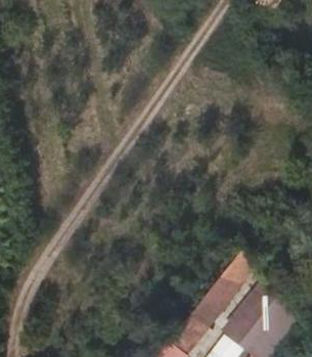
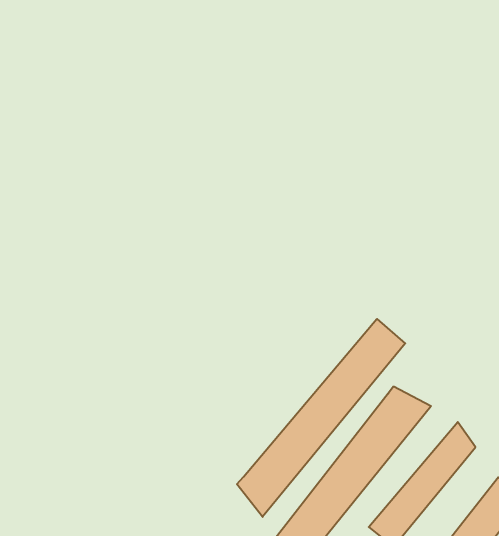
building: none -> [237,319,405,517]

